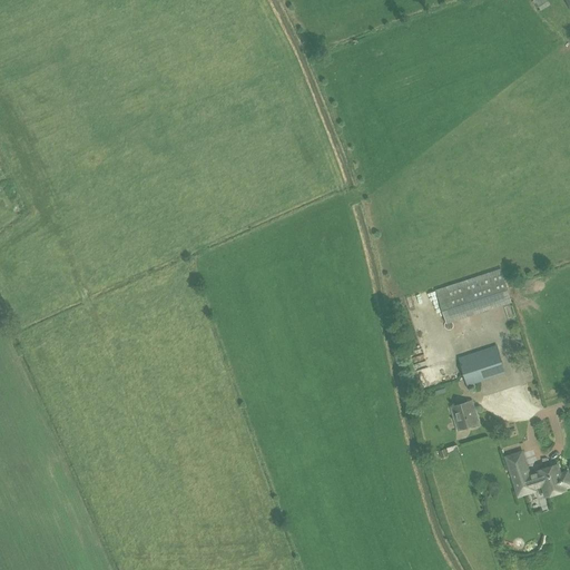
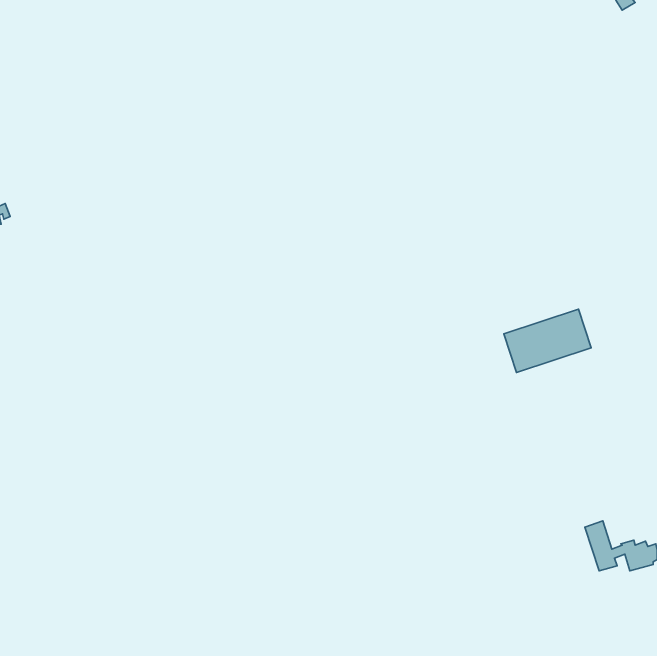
building: [459,348,498,381] -> none
building: [450,399,479,429] -> none

